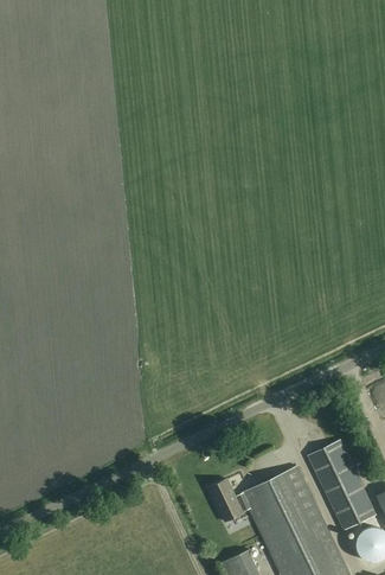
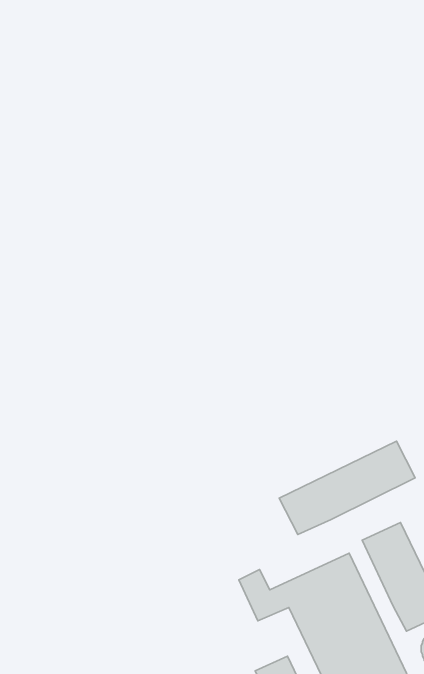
building: none -> [279,441,415,535]

